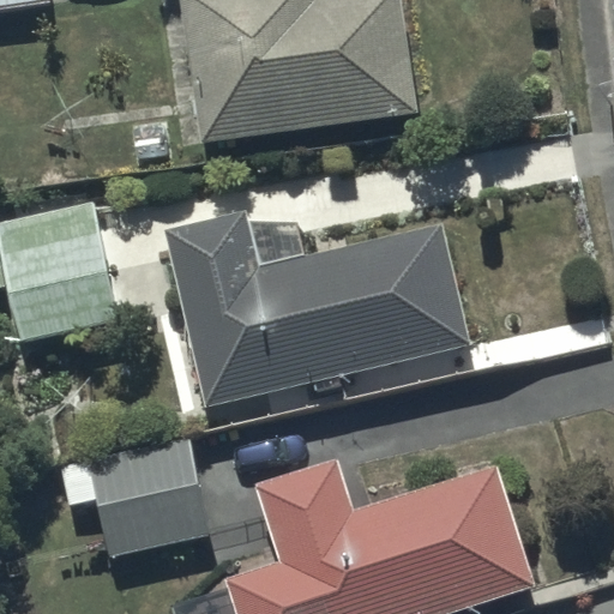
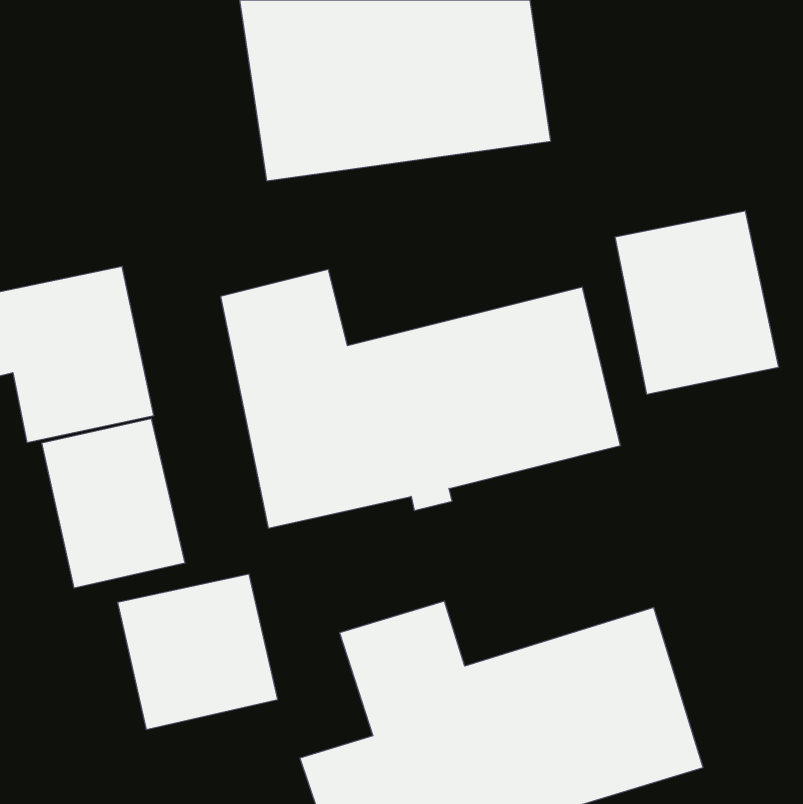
building: none -> [615,211,779,394]
building: none -> [42,419,185,588]

